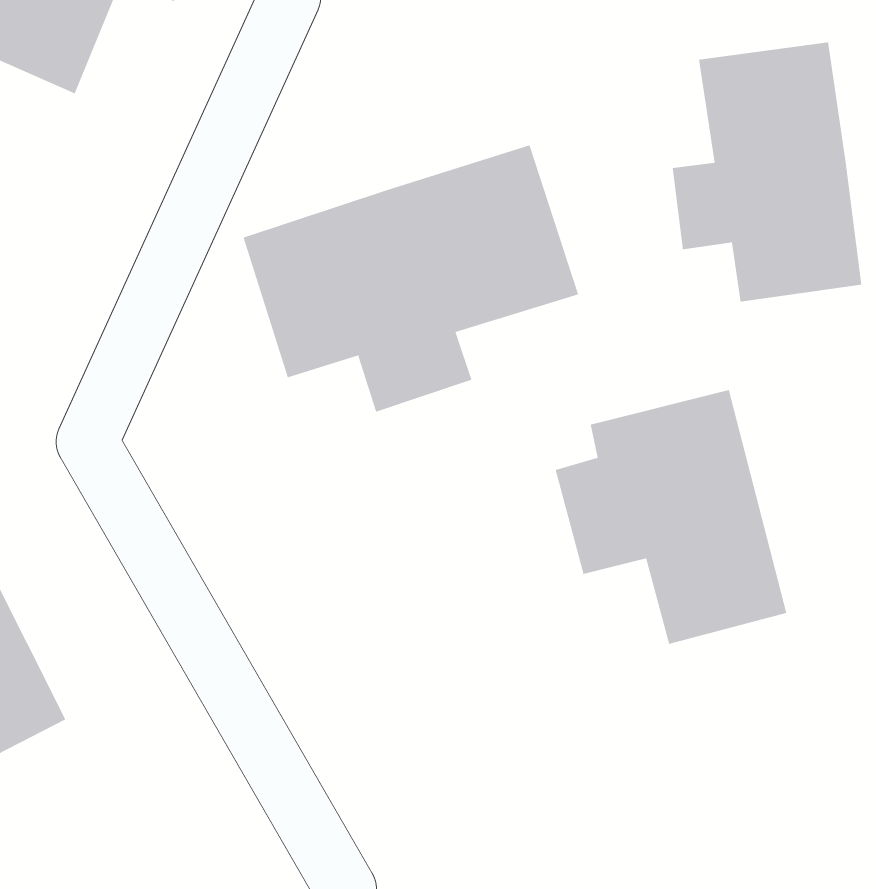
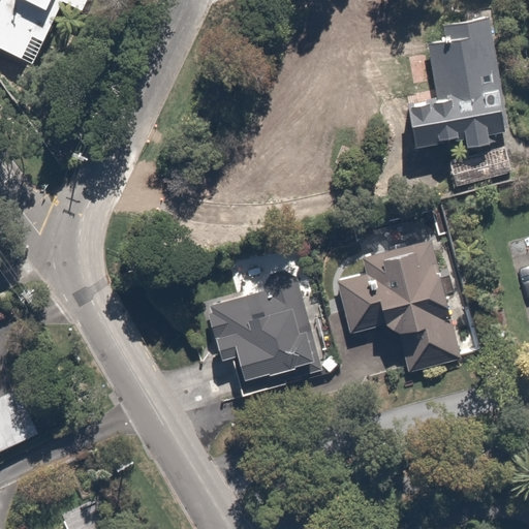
building: [243,144,579,412] -> none
building: none -> [207,260,322,394]

